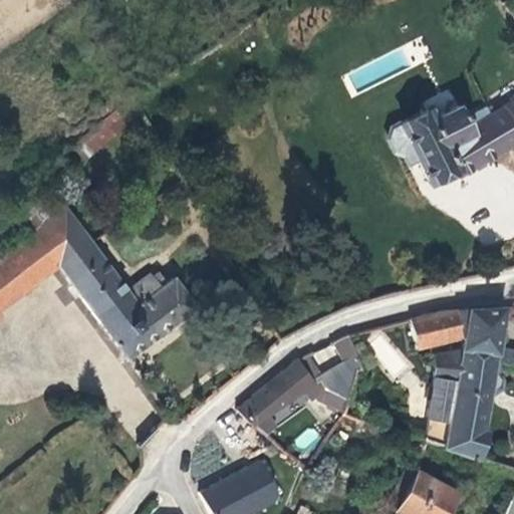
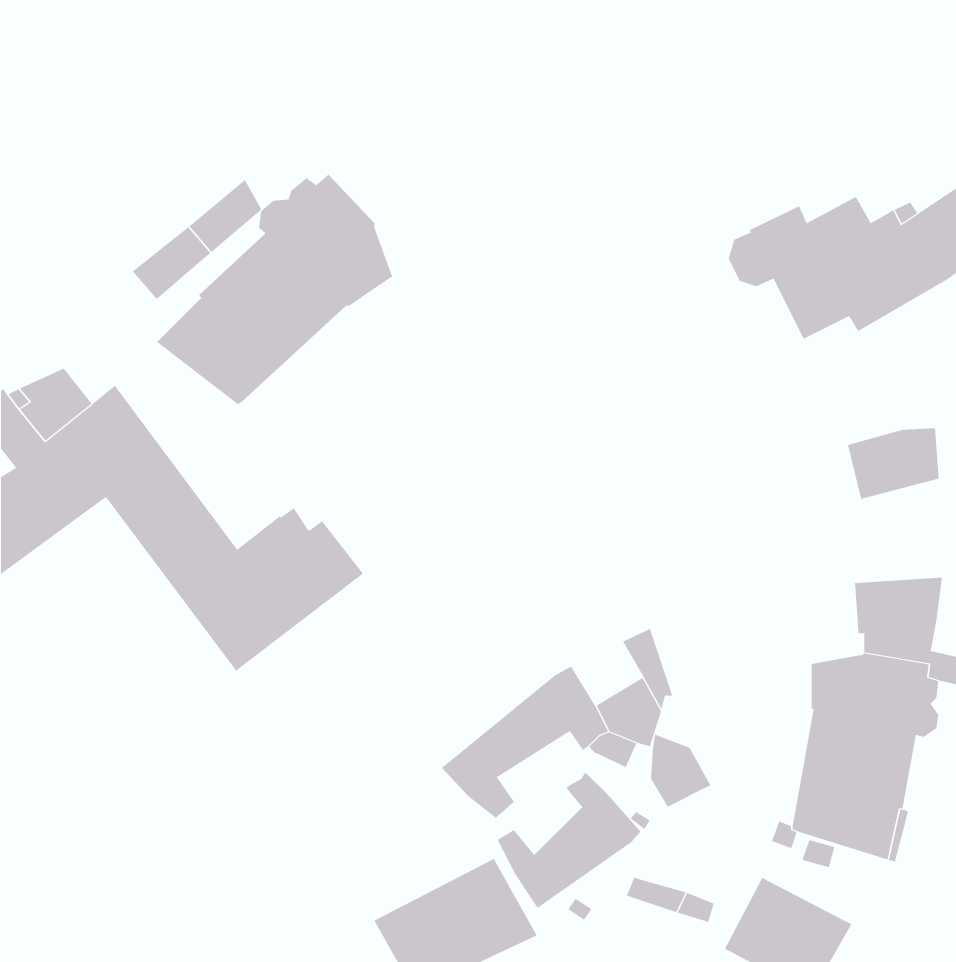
building: none -> [156,174,393,405]
building: [412,311,461,349] -> [847,428,940,499]
building: none -> [650,734,711,807]
building: none -> [497,772,641,909]

